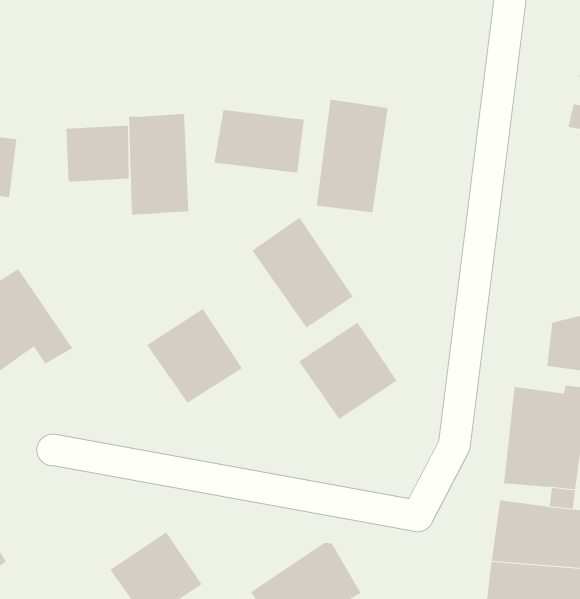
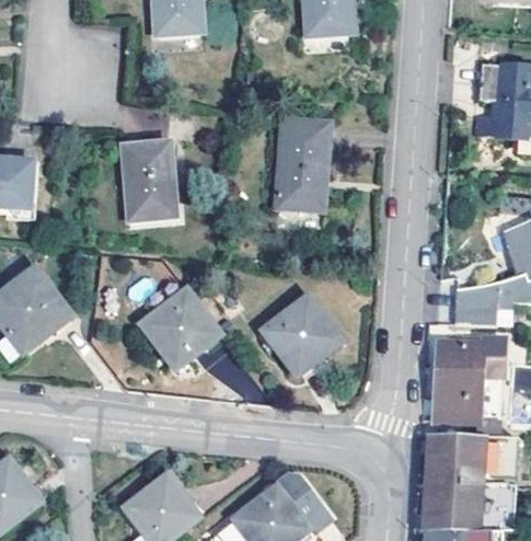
building: [214,109,305,173] -> none
building: [66,125,129,182] -> none
building: [252,217,354,328] -> none

